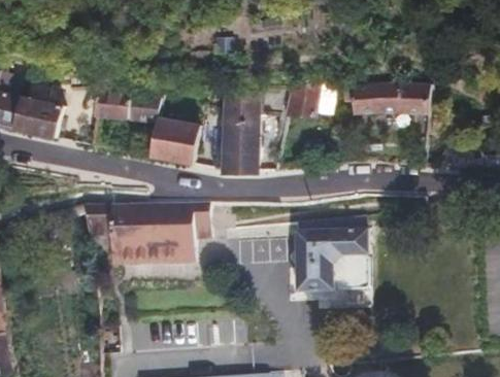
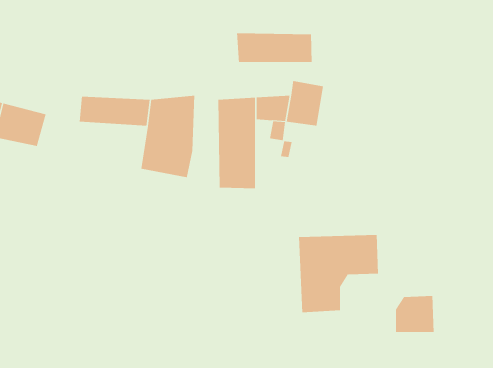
building: none -> [237,33,312,63]
building: [344,87,429,117] -> none
building: [87,207,209,259] -> none
building: [335,259,371,293] -> [395,296,434,333]

